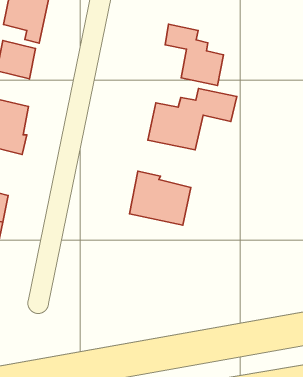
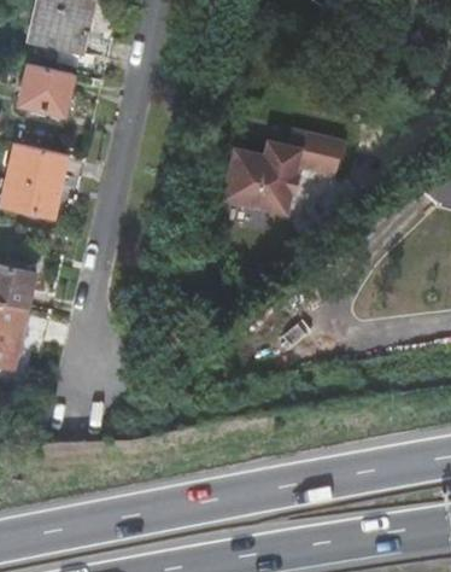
building: [165,24,224,85] -> none
building: [130,171,191,225] -> none

